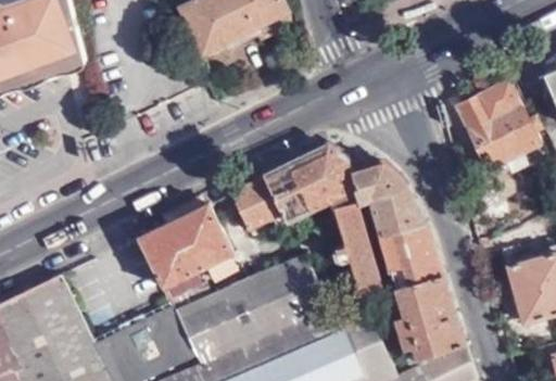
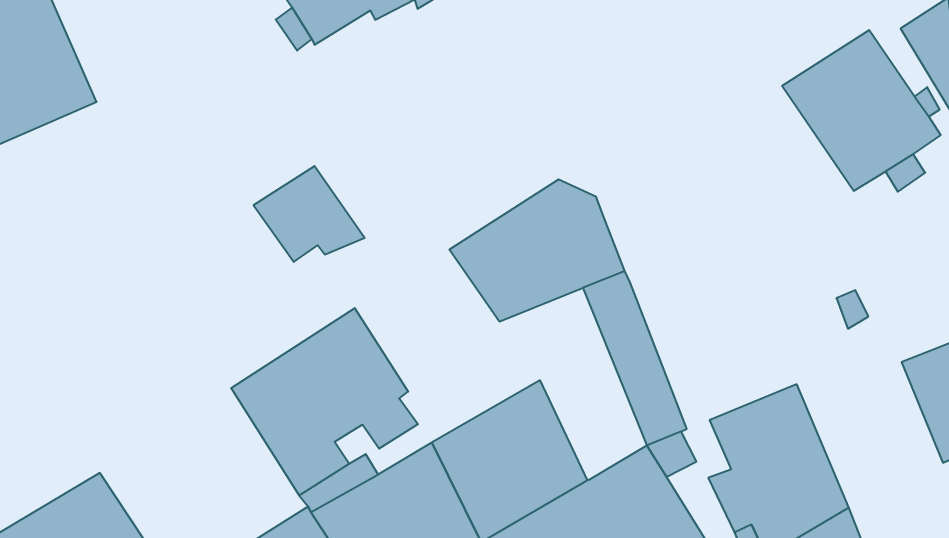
building: [351,161,445,284] -> none
building: [228,175,287,226] -> [254,166,365,262]

